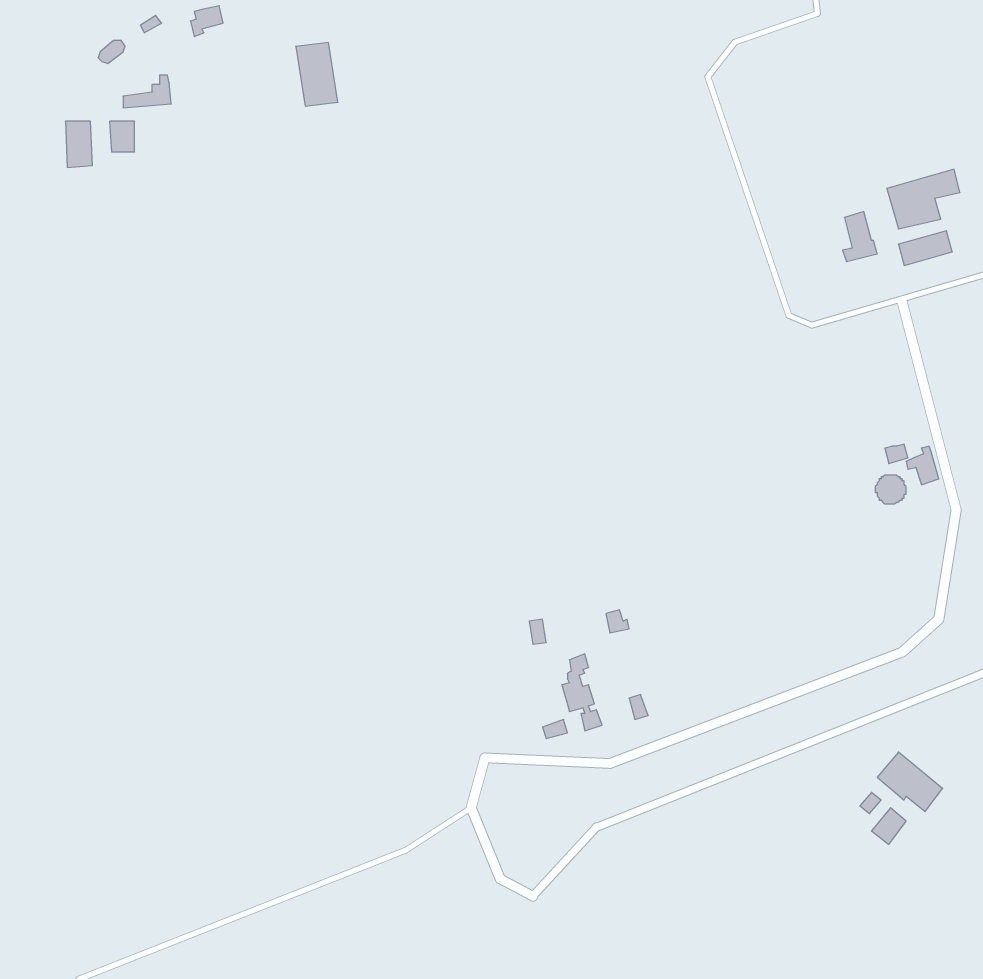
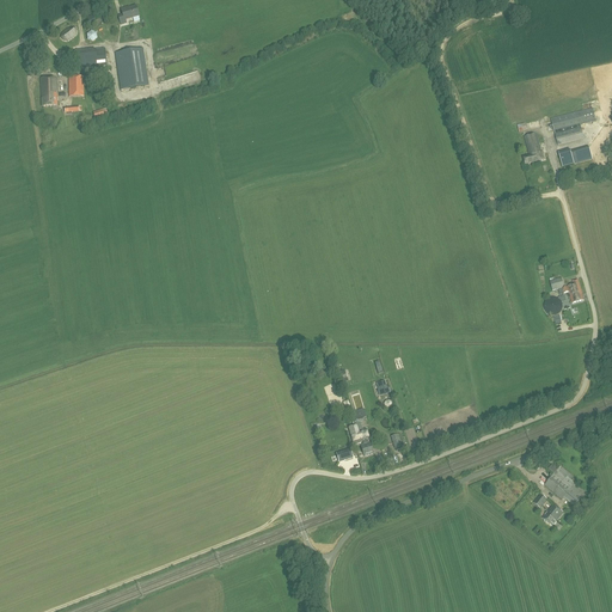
building: [296,43,338,106] -> [115,48,141,87]

